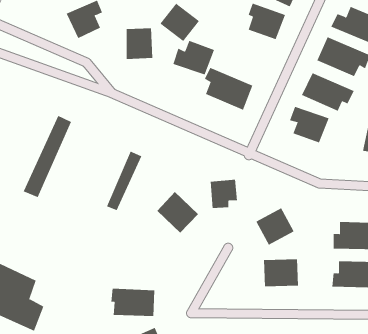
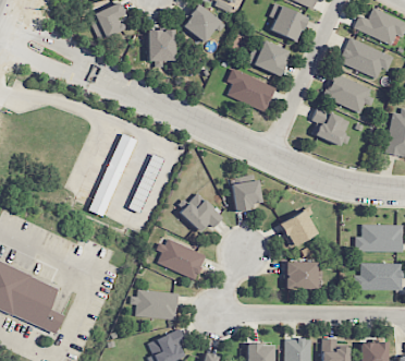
building: [172,40,215,75] -> [247,40,290,75]
building: [23,115,72,198] -> [87,133,136,216]
building: none -> [157,239,206,279]

